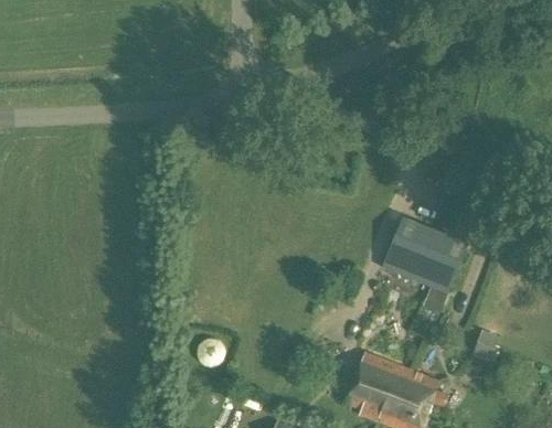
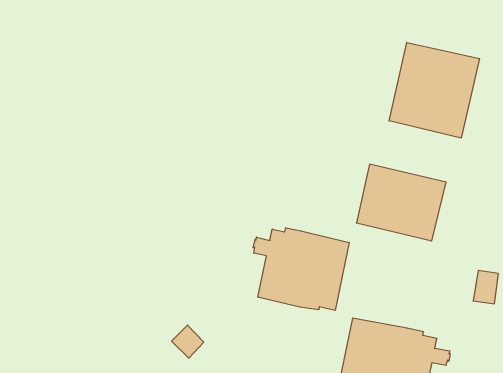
building: none -> [389,42,480,138]
building: none -> [253,228,349,310]

